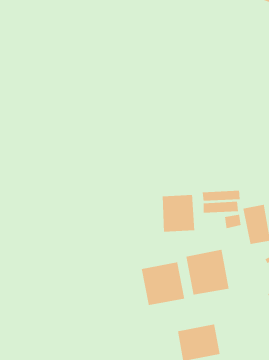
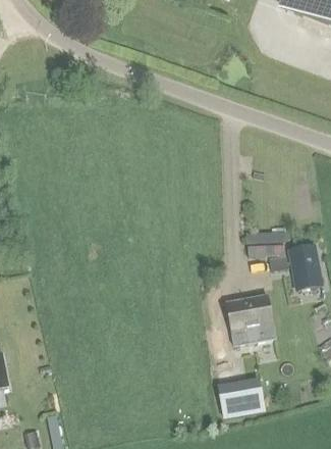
building: [162,194,195,232] -> none
building: [141,262,185,306] -> none

